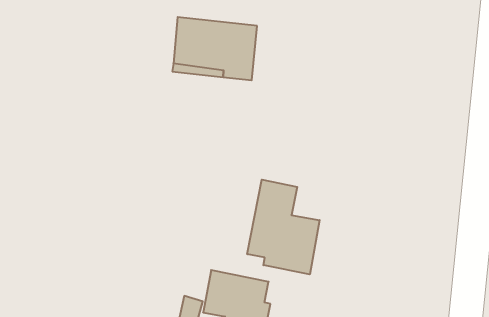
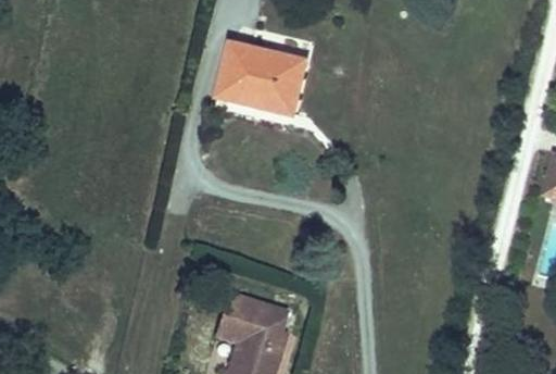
building: [247,180,320,274] -> none

